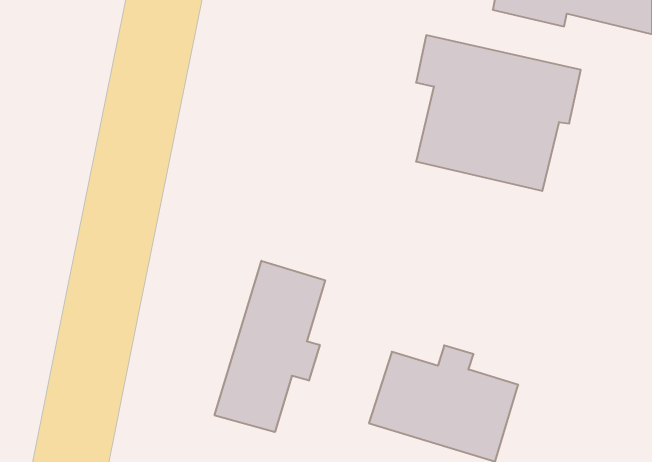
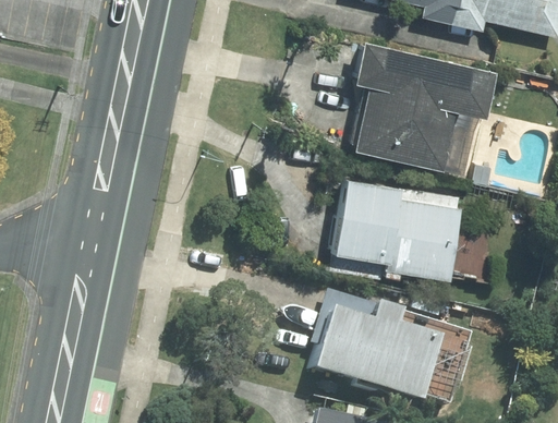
building: none -> [335,178,461,280]
building: [215,261,325,432] -> none

